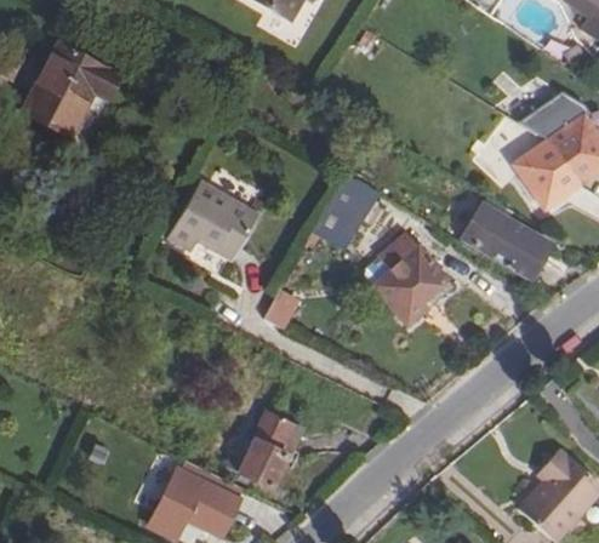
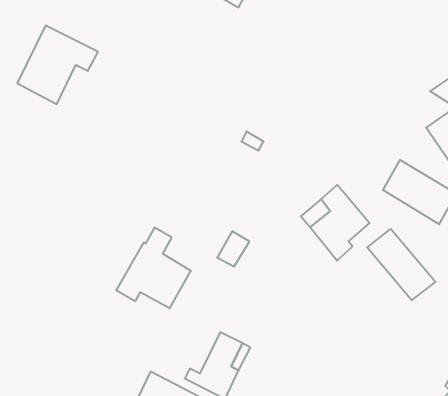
building: [169,162,258,259] -> [116,228,191,308]
building: [315,176,383,250] -> none
building: none -> [367,229,435,300]

